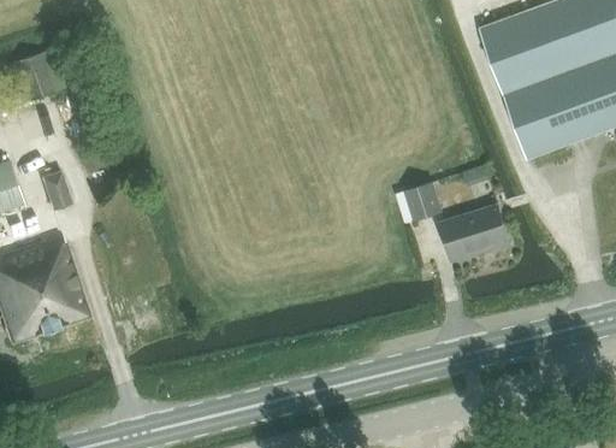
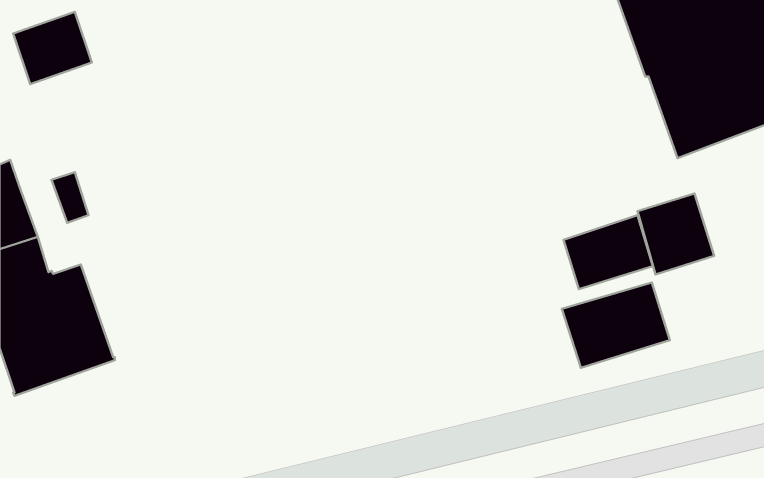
building: [405,182,443,222] -> none
building: none -> [637,193,714,275]
building: none -> [562,282,670,368]

